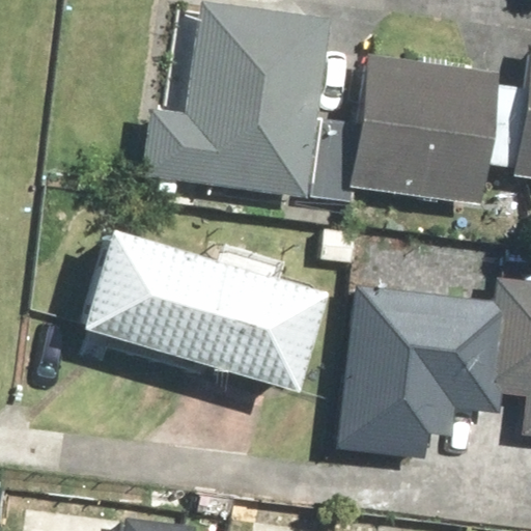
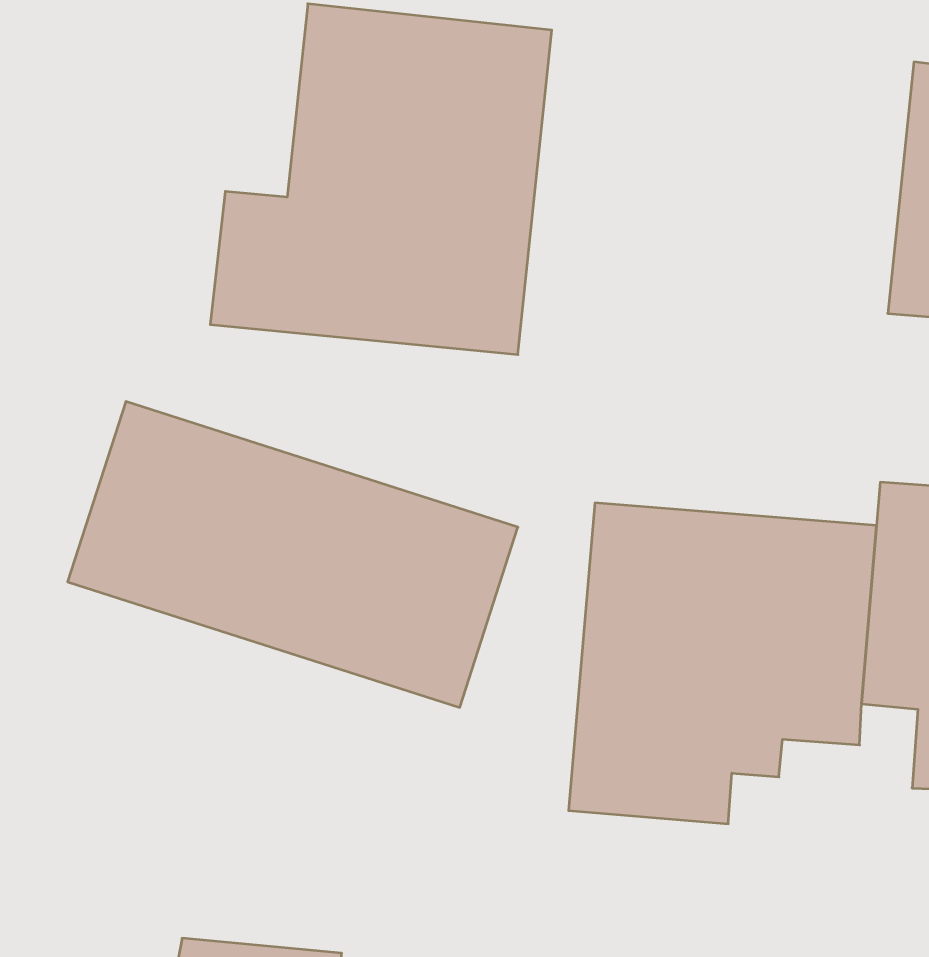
building: [339,43,496,207] -> none

